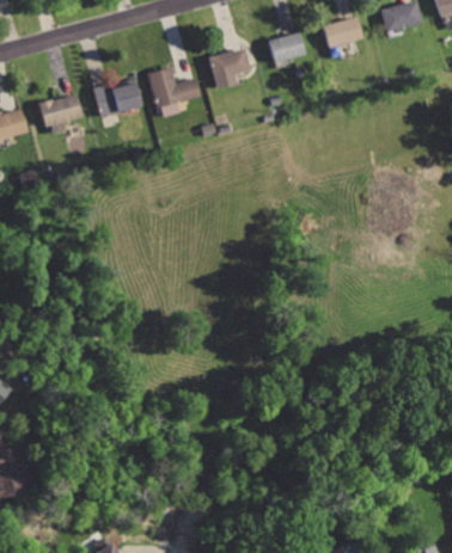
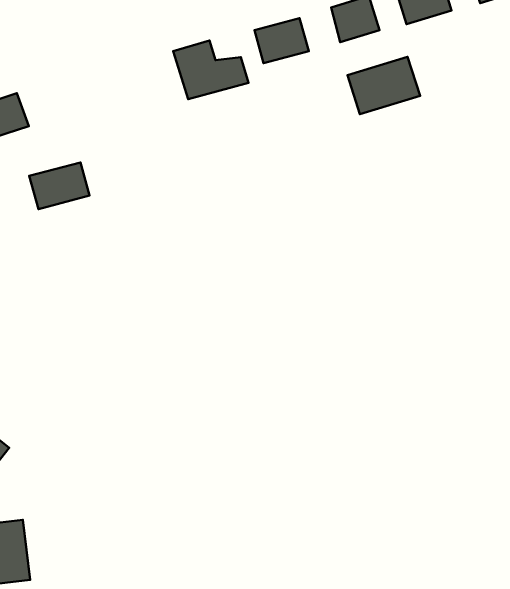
building: none -> [348,57,420,114]
building: [91,79,142,121] -> none
building: [36,92,84,129] -> [29,162,89,209]

